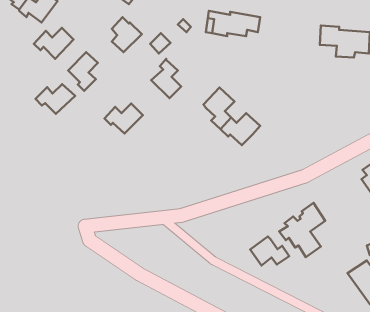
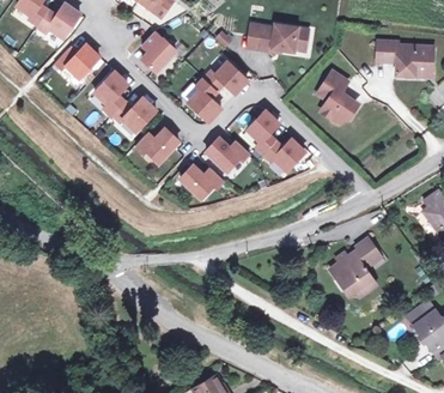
building: none -> [203,60,247,93]
building: none -> [316,73,354,121]
building: [36,84,75,114] -> [111,96,156,129]
building: none -> [205,137,248,170]
building: none -> [178,164,223,196]
building: [250,237,289,265] -> none

